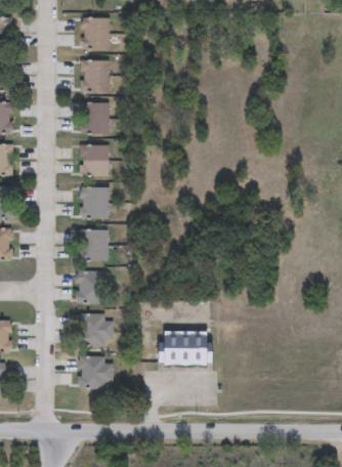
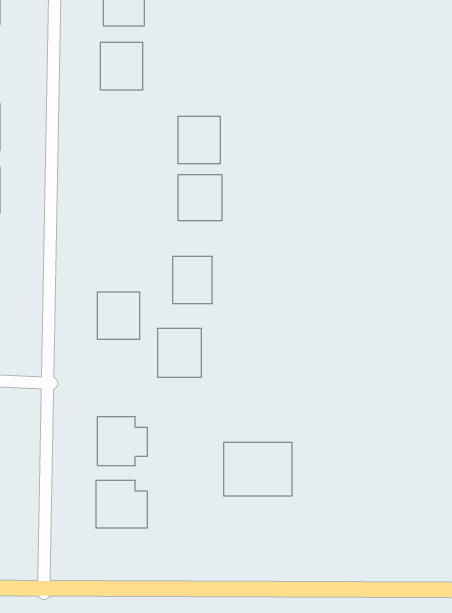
building: [80,102,109,134] -> [178,116,220,164]
building: [79,145,109,176] -> [178,175,222,220]
building: [80,186,106,218] -> [173,256,212,304]
building: [76,270,105,303] -> [157,328,202,377]

